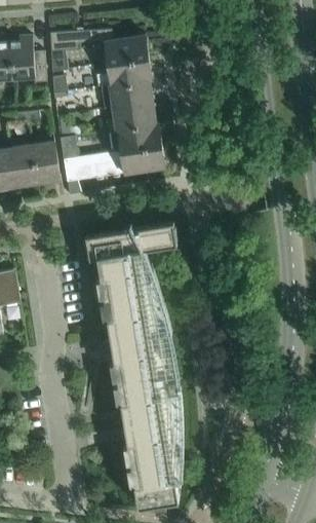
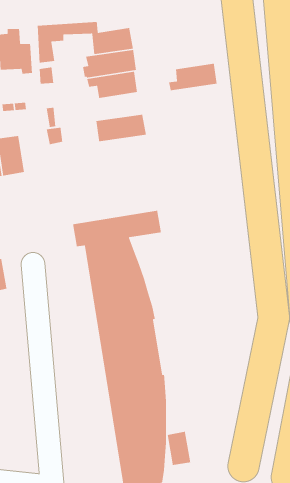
building: [106,103,158,132] -> [168,63,220,91]
building: [32,142,61,184] -> none
building: [64,146,165,183] -> none
building: none -> [167,431,191,466]

